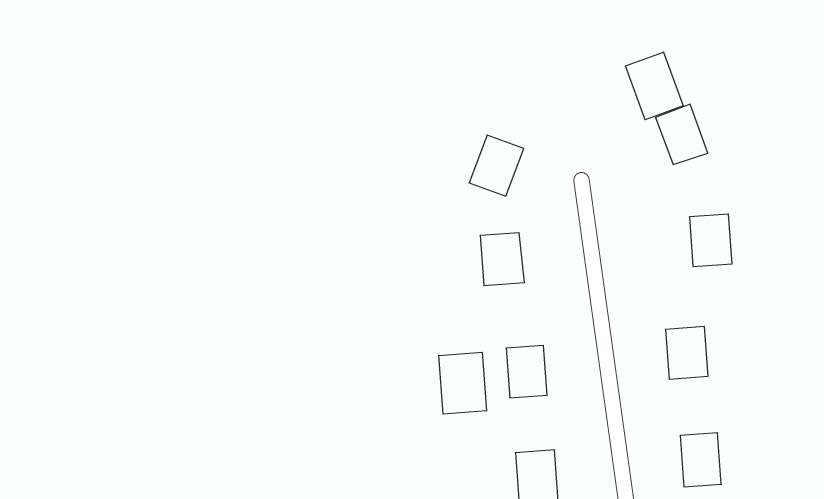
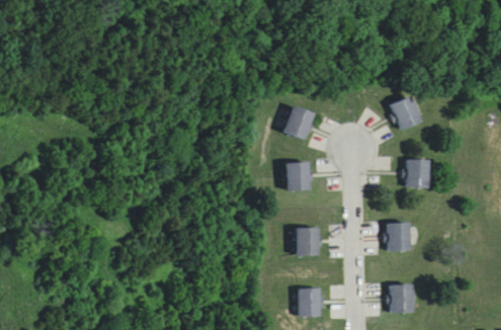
building: [625,52,683,120] -> none
building: [439,352,486,414] -> none

